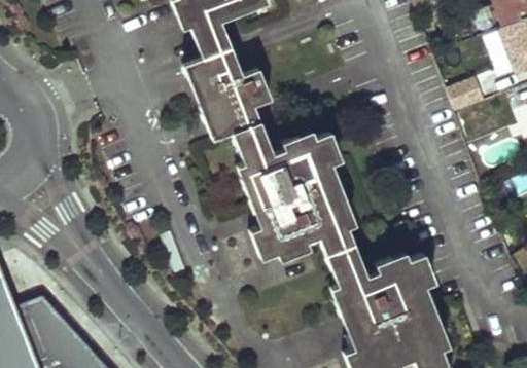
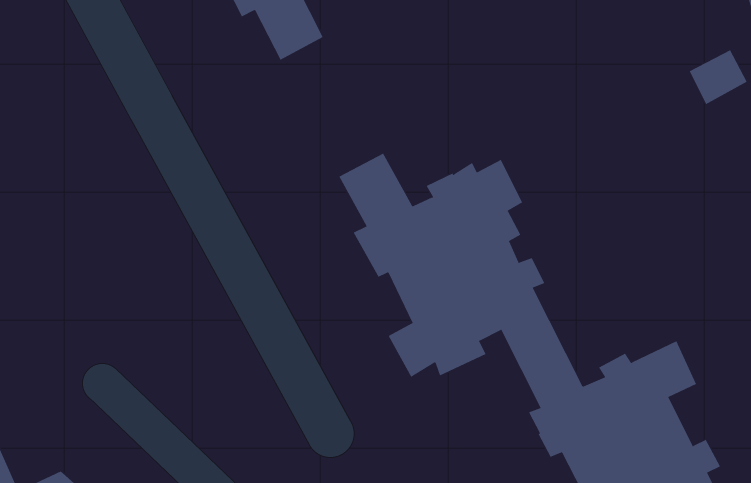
building: [188,63,270,123] -> none

